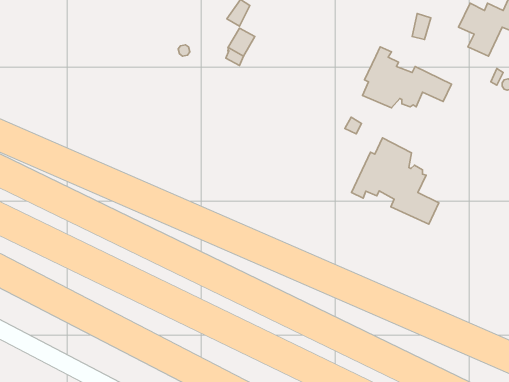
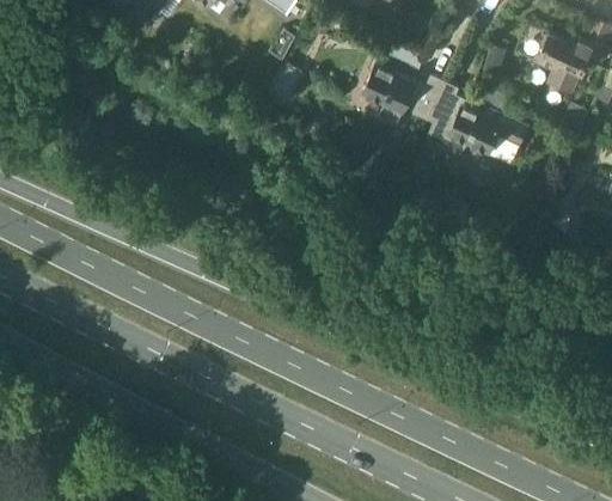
building: none -> [363,59,447,124]
building: [352,138,439,224] -> none

